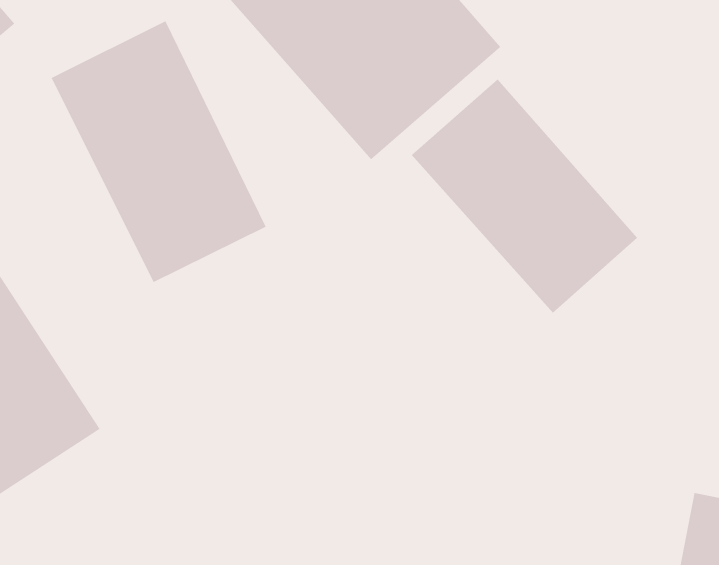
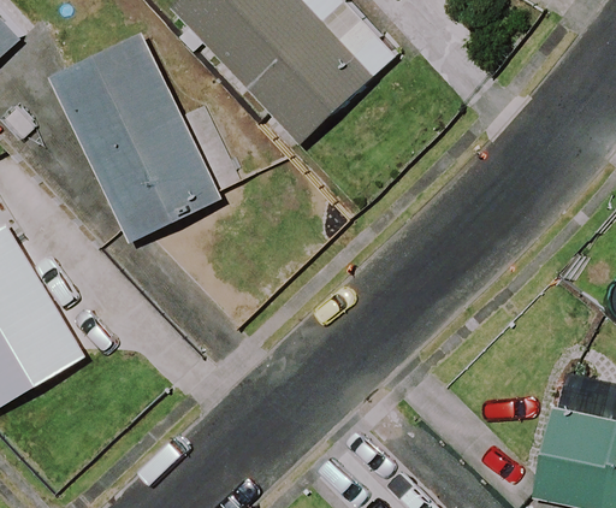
building: [411,79,638,313] -> none

